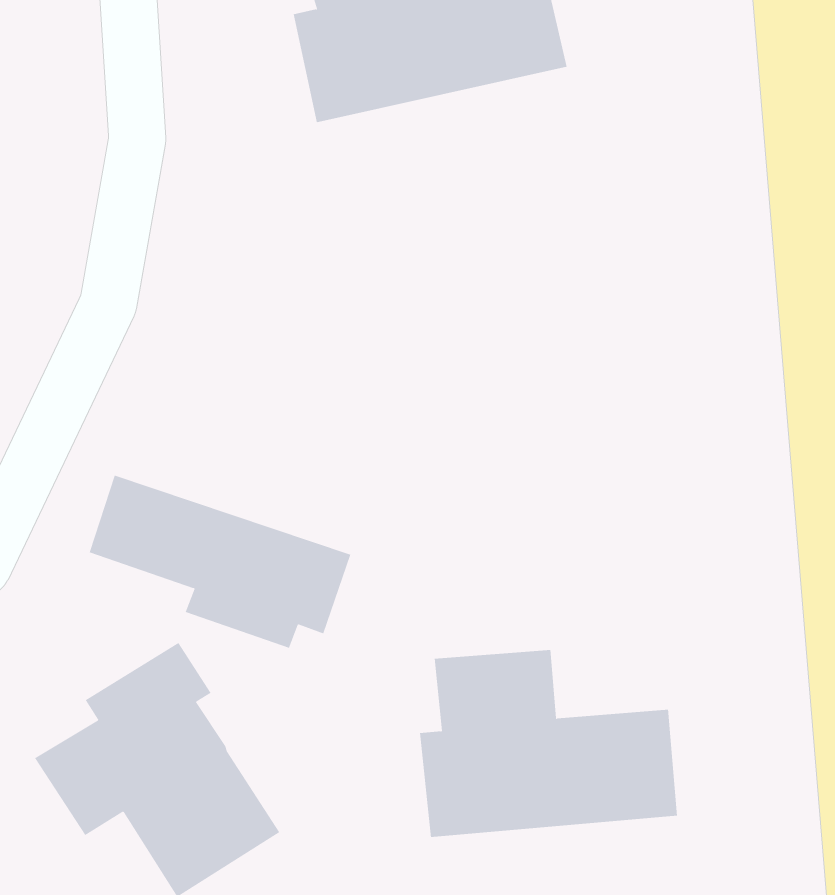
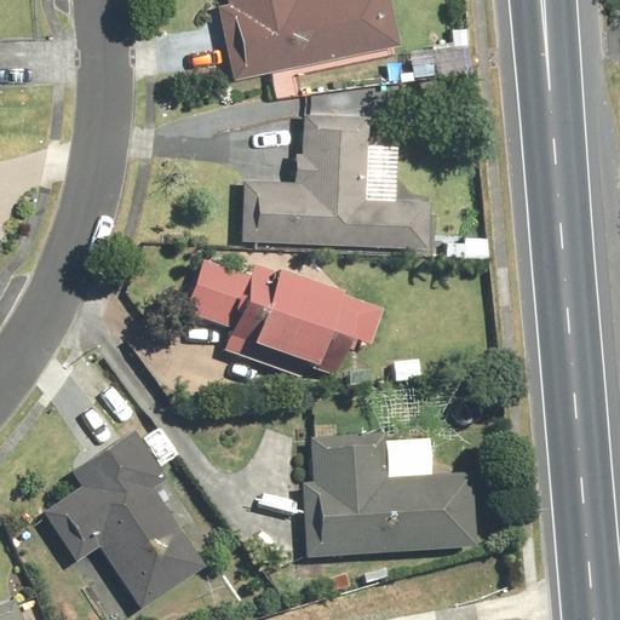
building: none -> [242,115,431,241]
building: [89,475,351,648] -> [186,263,362,379]

